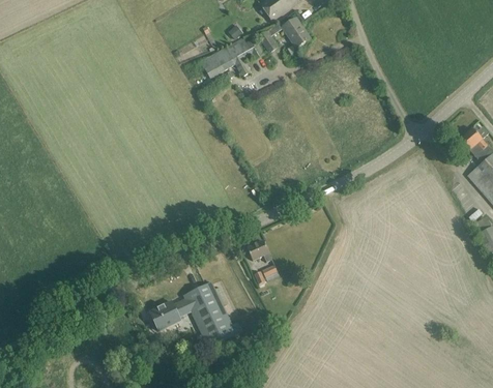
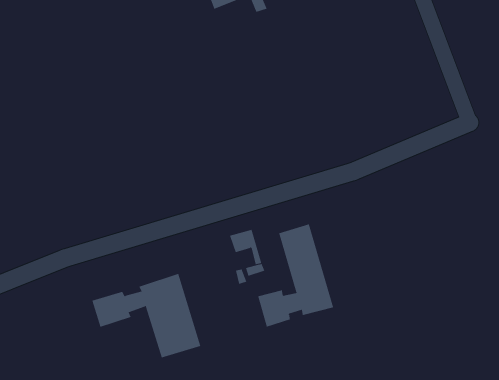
building: none -> [257,224,334,327]

